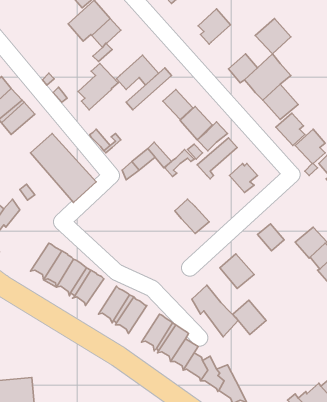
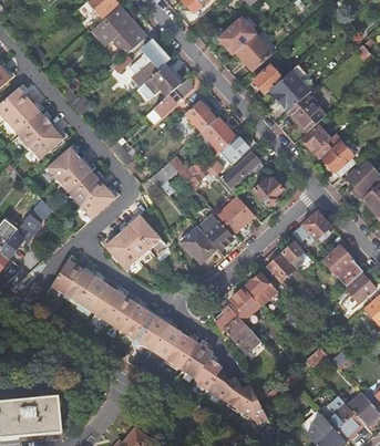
building: [255,18,291,54] -> [235,34,271,71]
building: [78,64,118,110] -> [130,39,171,86]
building: none -> [29,126,63,159]
building: none -> [217,197,254,234]
building: none -> [292,214,332,245]
building: none -> [105,216,162,271]
building: none -> [179,225,217,263]
building: none -> [266,250,297,280]
building: none -> [105,295,137,332]
building: [233,300,266,335] -> [227,284,261,320]
building: none -> [150,323,182,361]

